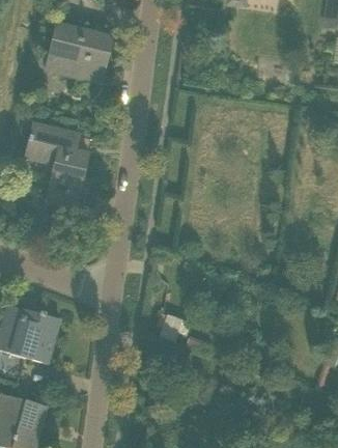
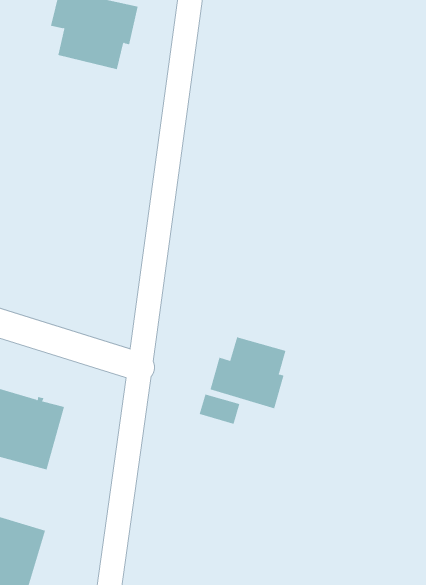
building: [25,123,87,207] -> none
building: none -> [210,337,287,409]

